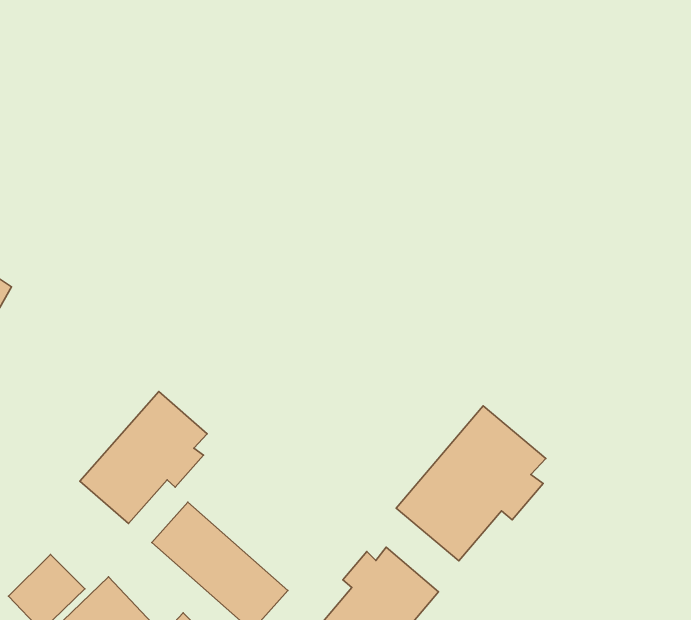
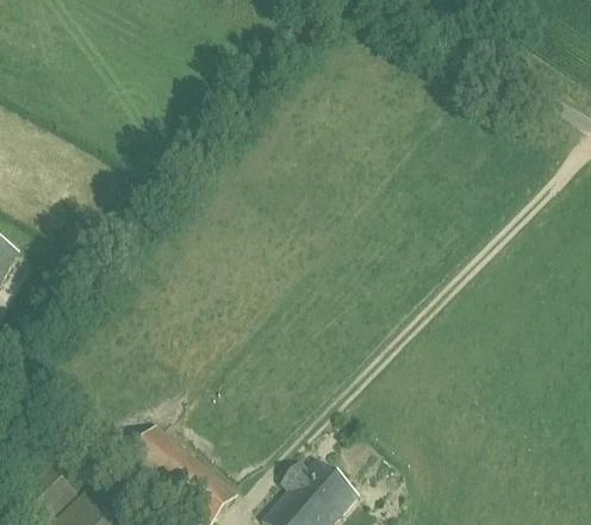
building: [80,392,207,524] -> none
building: [396,406,546,561] -> none

